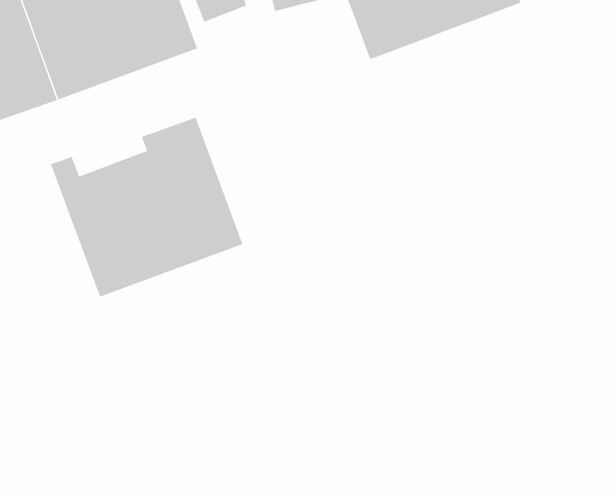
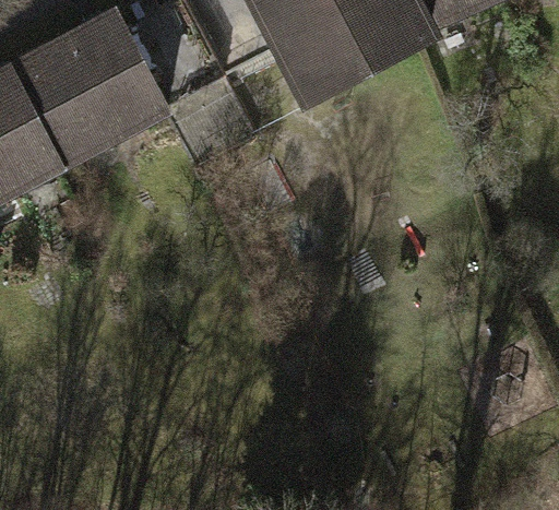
building: [50,117,243,297] -> none

